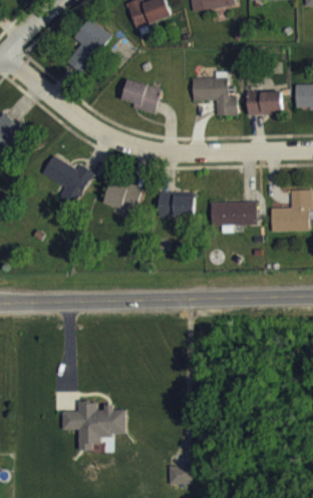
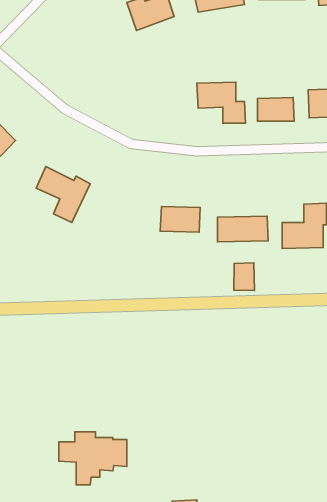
building: [65,17,111,73] -> none
building: [121,79,162,114] -> none
building: [103,180,141,211] -> none
building: none -> [234,263,254,291]

